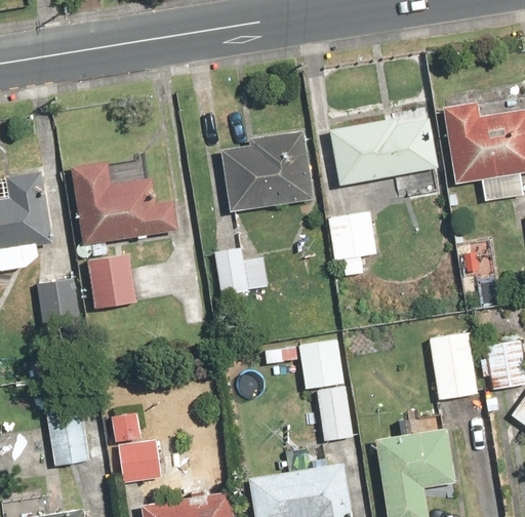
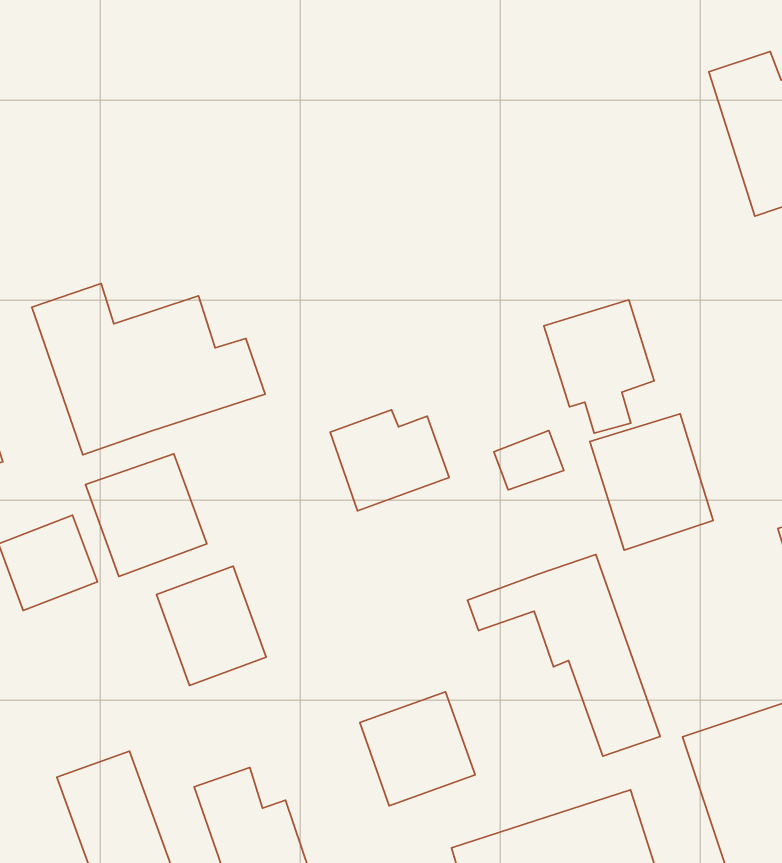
building: [323,111,433,186] -> none
building: [214,130,310,212] -> none
building: none -> [590,414,713,550]
building: none -> [156,566,266,685]
building: none -> [360,692,475,806]

